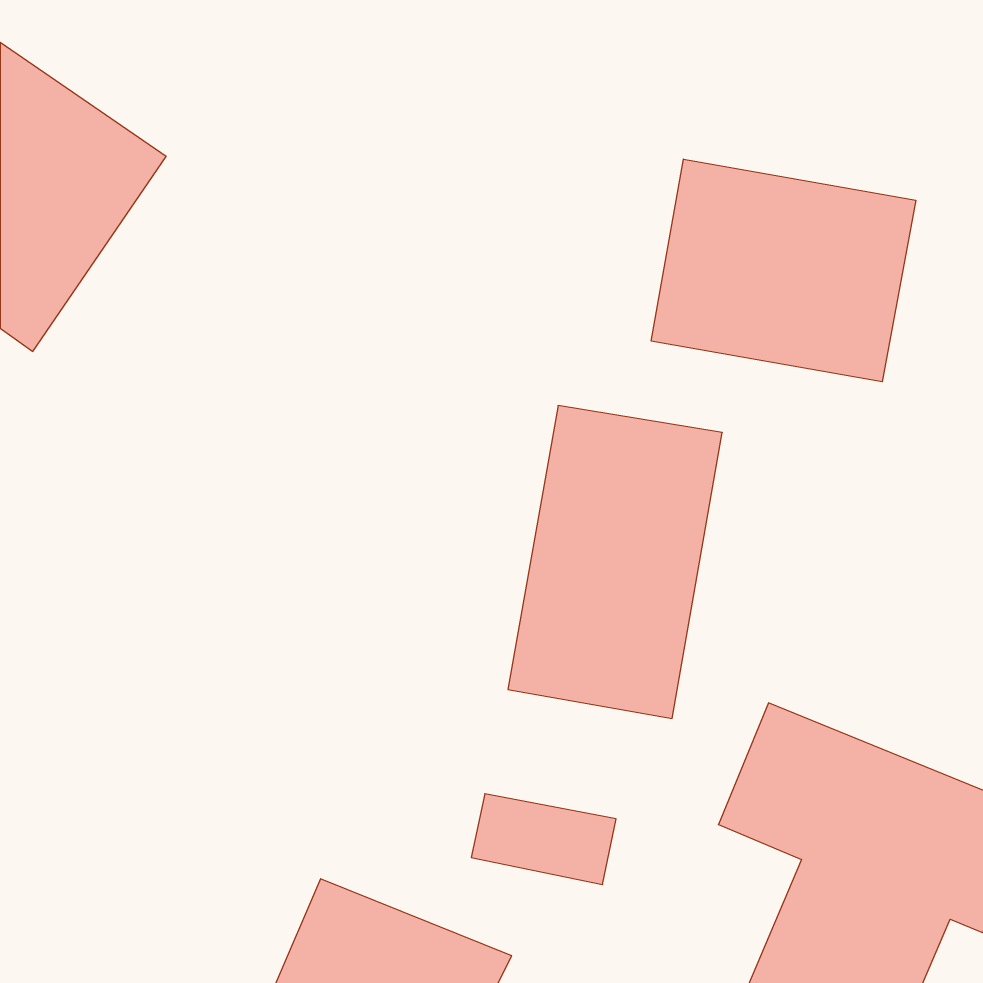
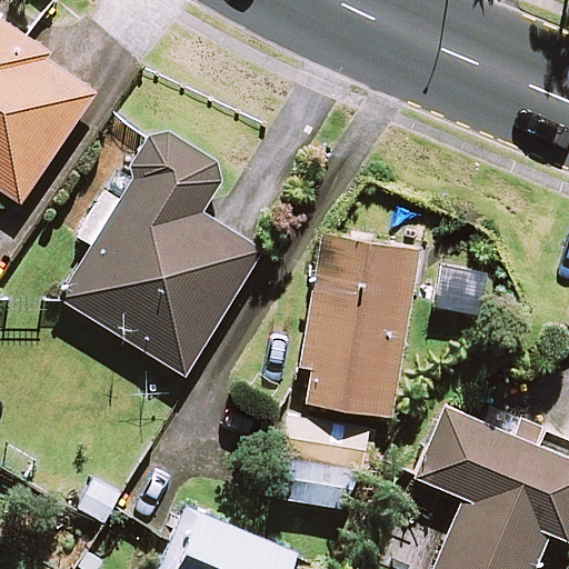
building: [651,159,916,382] -> none
building: none -> [59,129,260,375]

